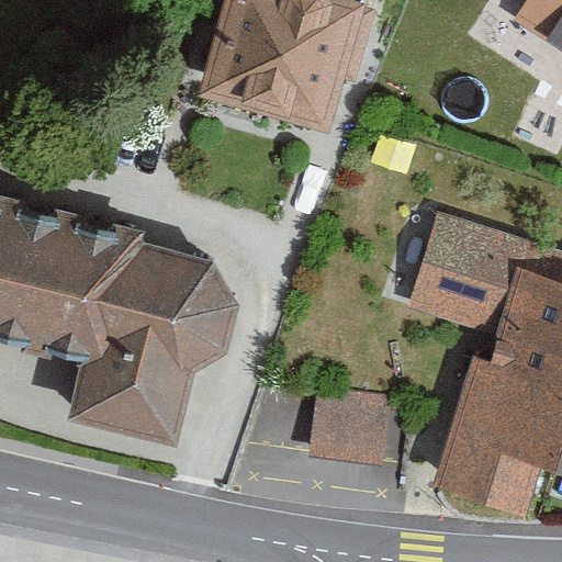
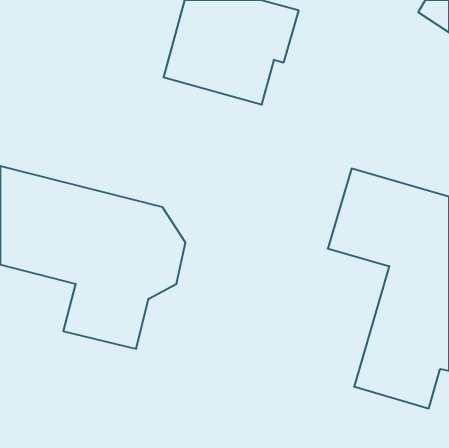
building: [312,385,391,456] -> none

